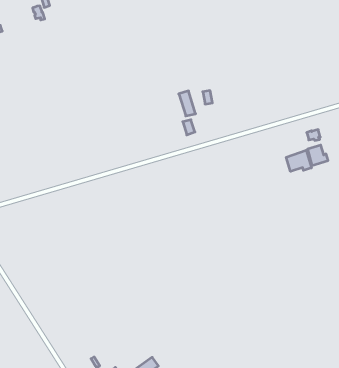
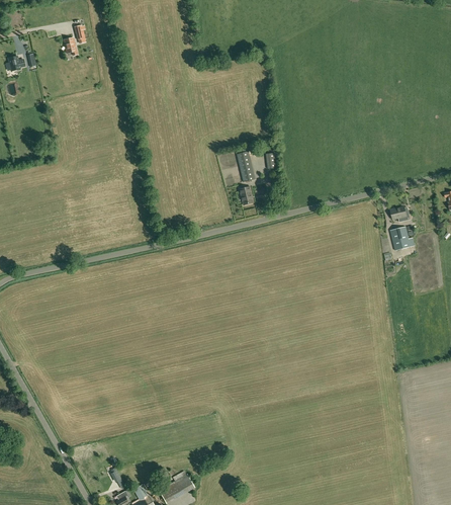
building: [286,150,311,171] -> none

